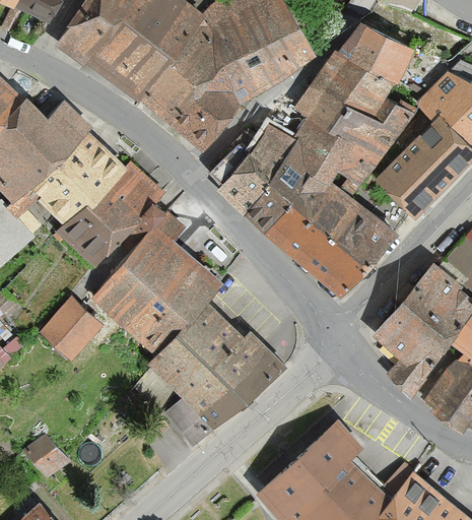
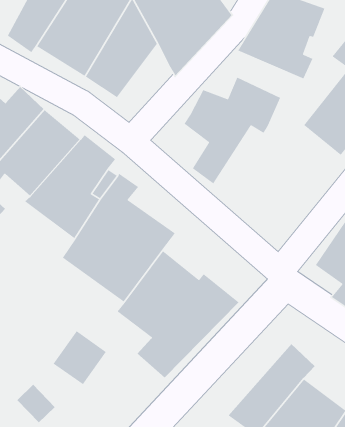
building: [173,70,240,147] -> none
building: [296,87,412,189] -> none
building: [211,141,269,213] -> none
building: [270,173,398,297] -> none
building: [41,298,103,360] -> [53,330,107,385]

